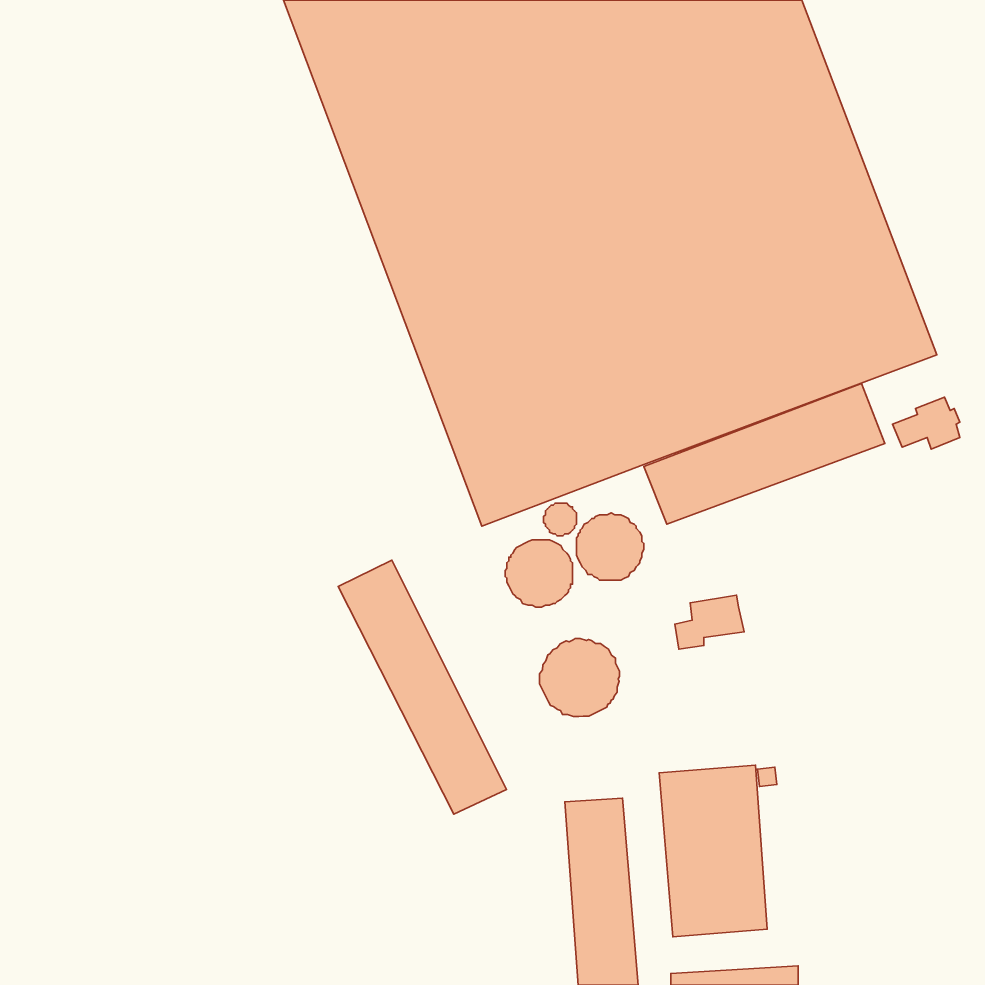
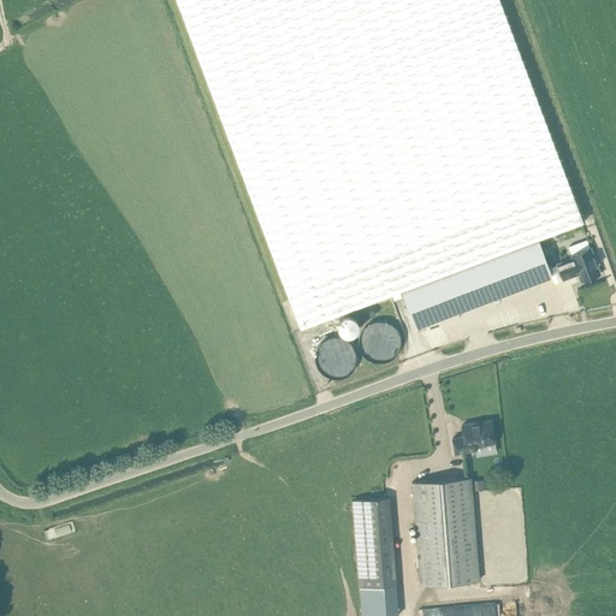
building: [338,560,506,814] -> none
building: [675,595,744,649] -> [452,420,496,454]
building: [540,639,619,716] -> none

